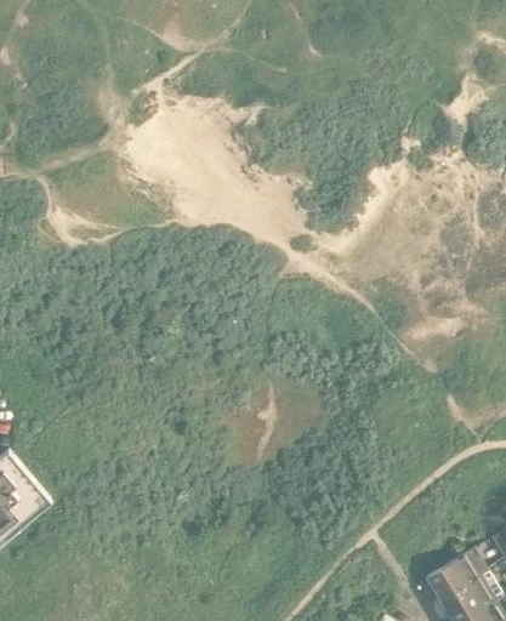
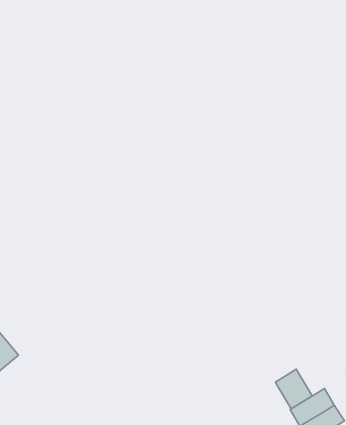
building: none -> [276,369,312,409]

